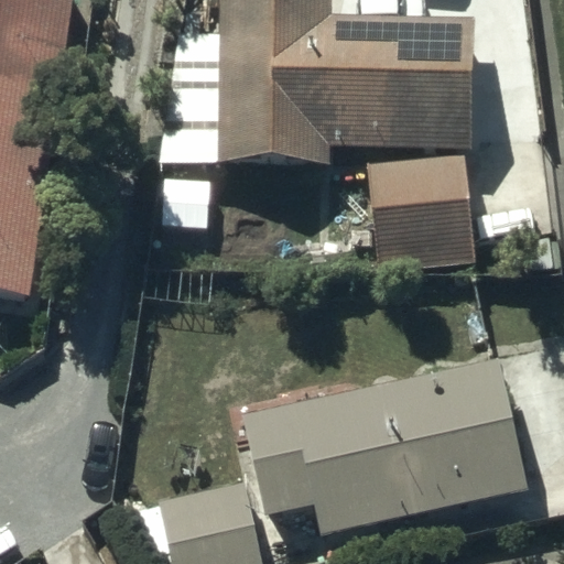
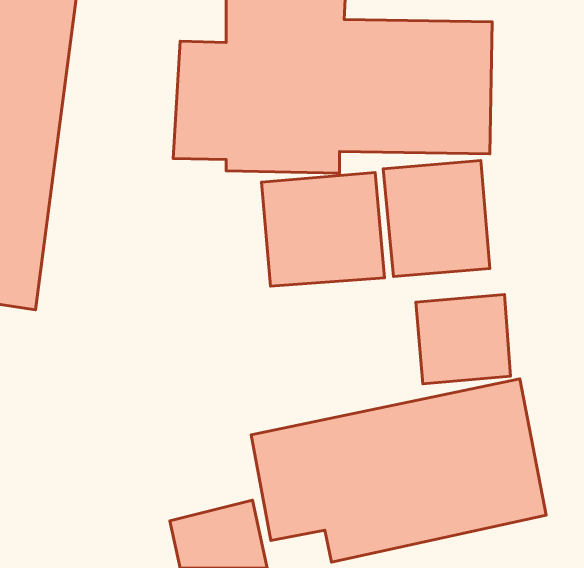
building: none -> [262,173,384,286]
building: none -> [416,294,510,384]

